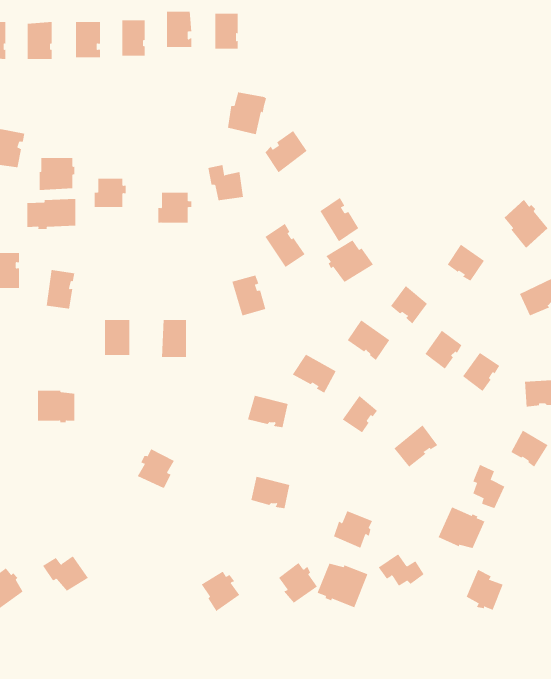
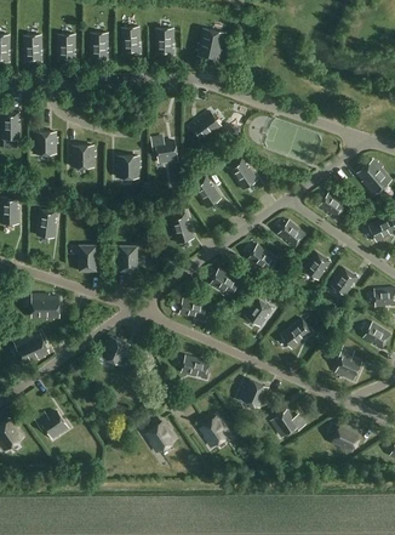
building: [227,92,267,135] -> [196,29,224,59]
building: [27,198,76,230] -> none
building: [325,239,374,283] -> none
building: none -> [16,334,48,363]
building: [438,506,485,549] -> none
building: [317,563,368,608] -> none

